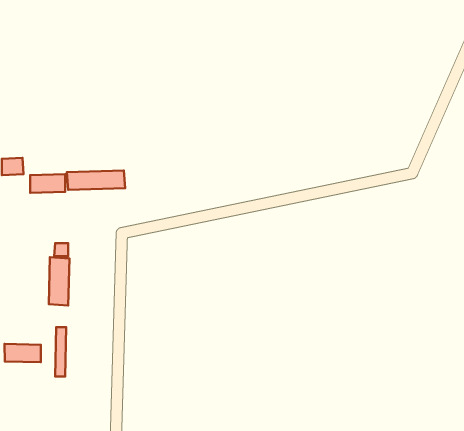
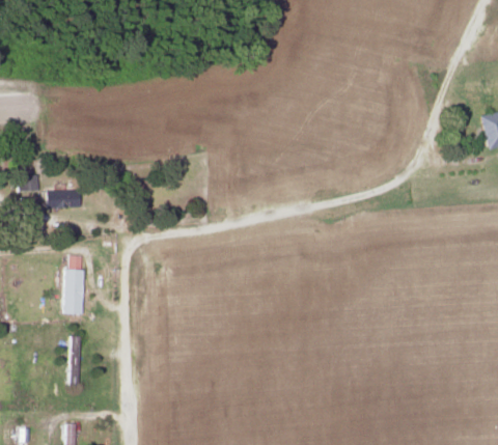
building: [67,170,125,190] -> none
building: [5,344,41,362] -> none

